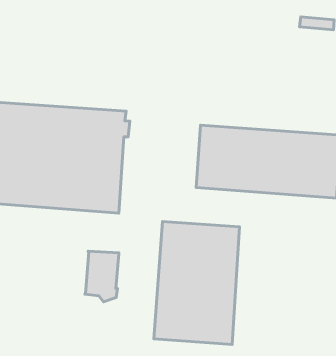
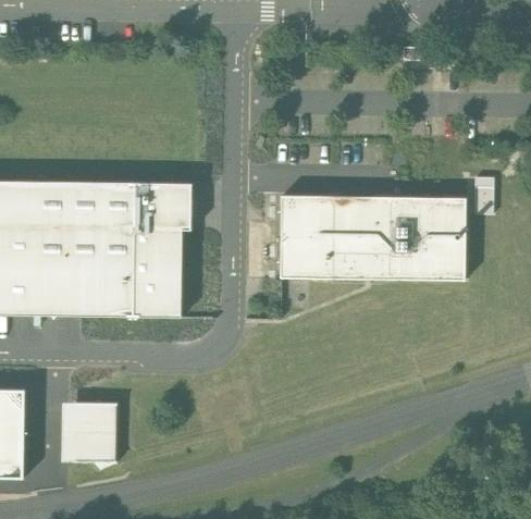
building: [154,221,240,344] -> none
building: [85,251,119,302] -> [74,404,116,469]

